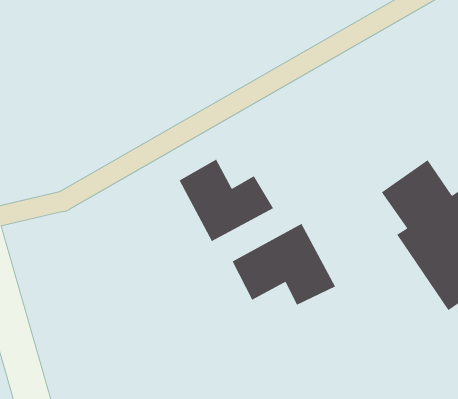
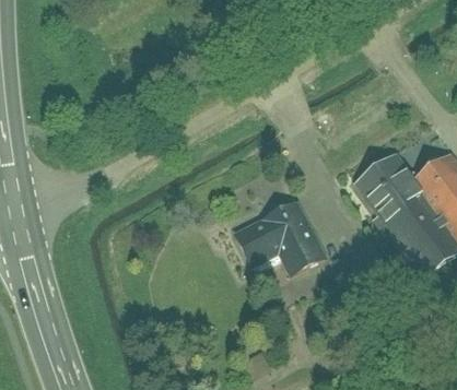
building: [178,159,274,242] -> none

